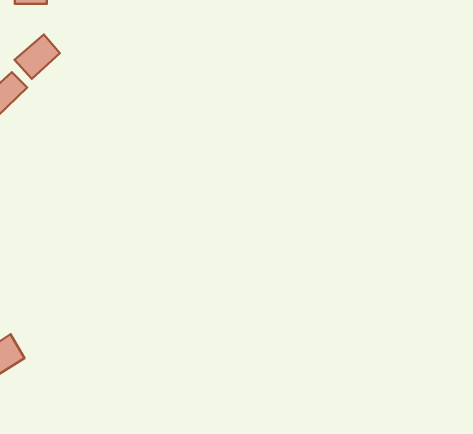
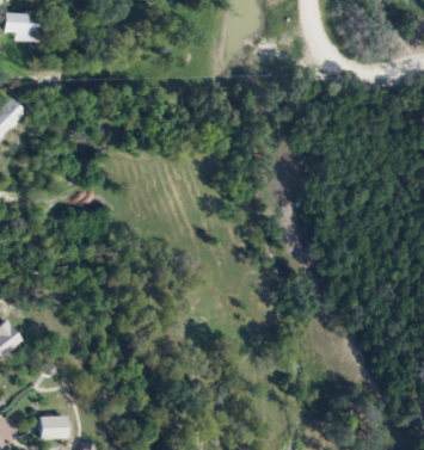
building: [15,34,60,79] -> none

